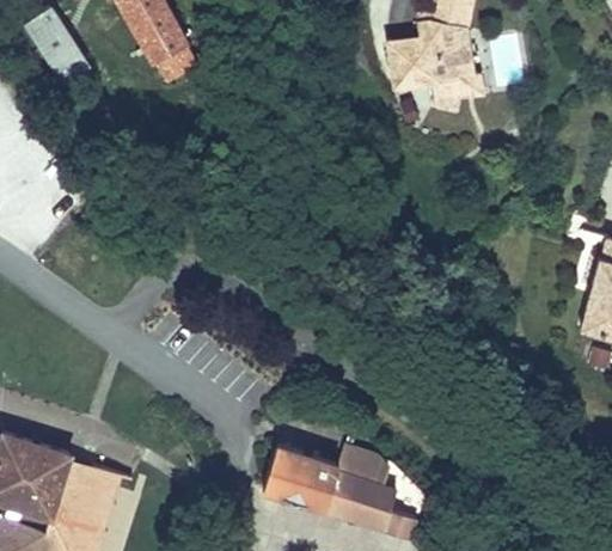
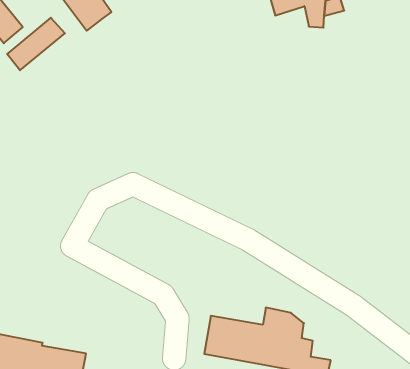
building: none -> [7,18,65,70]

